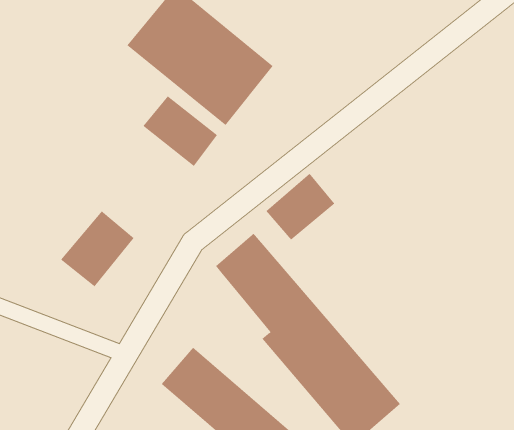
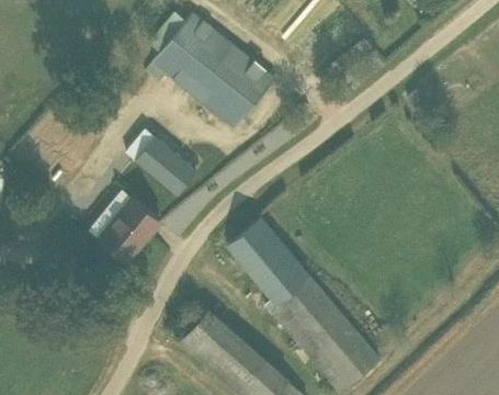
building: [142,95,218,167] -> [134,136,196,195]
building: [265,173,335,241] -> none

